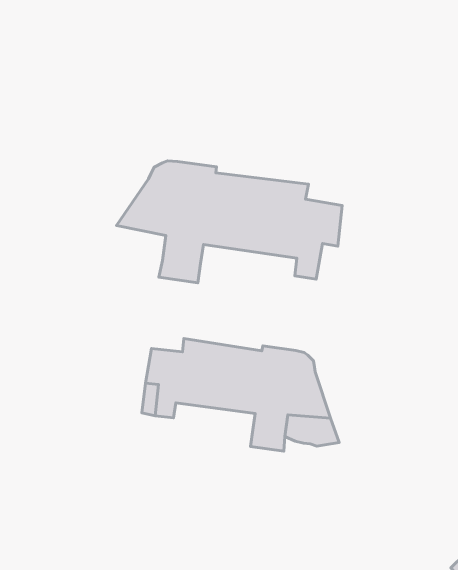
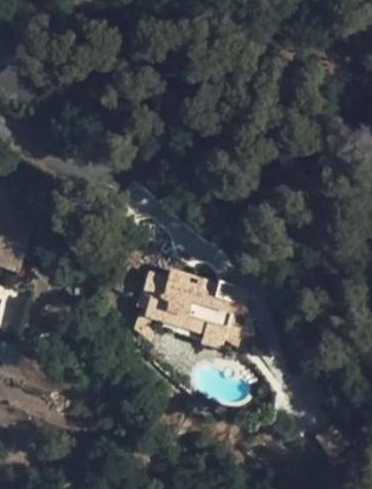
building: [117,161,342,283] -> none

